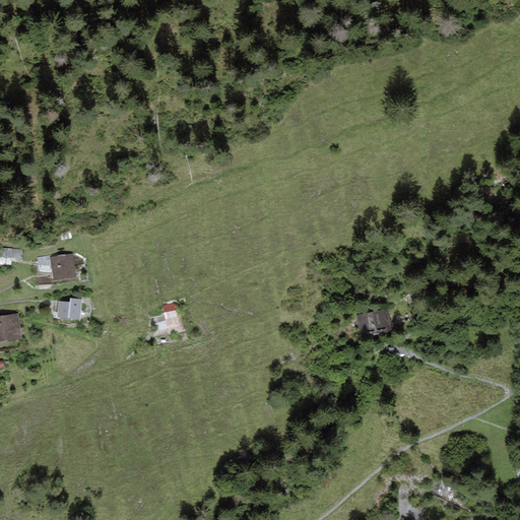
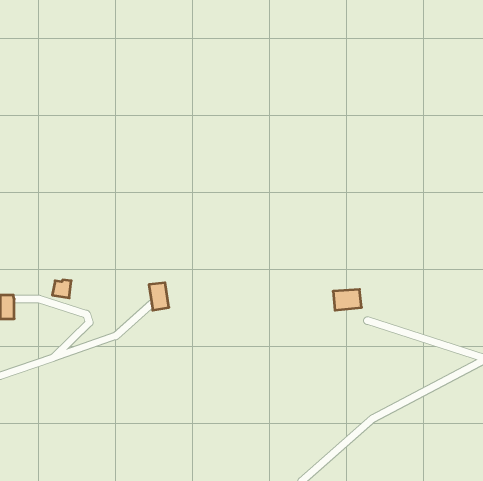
building: [48,253,74,279] -> none

